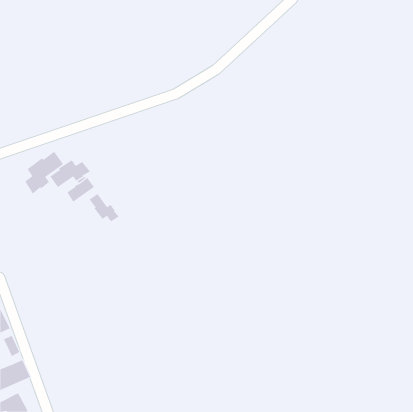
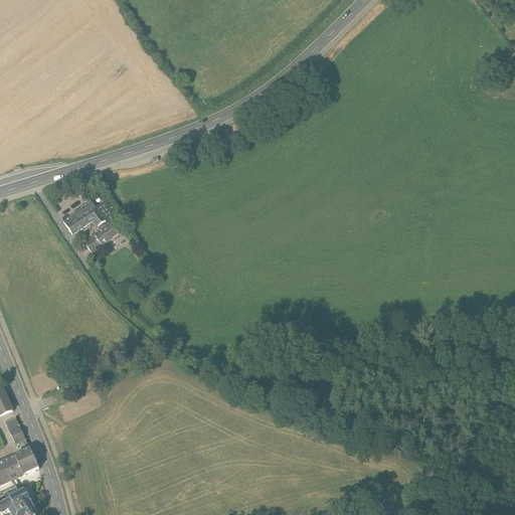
building: [24,151,64,195] -> none
building: [89,193,120,222] -> none

